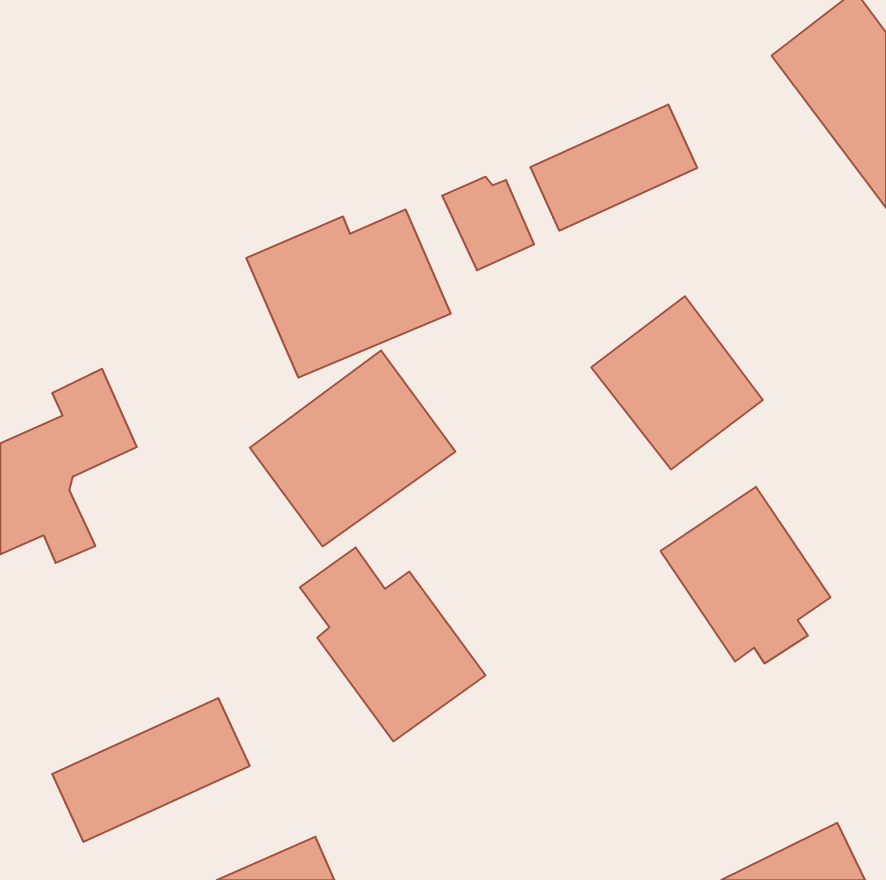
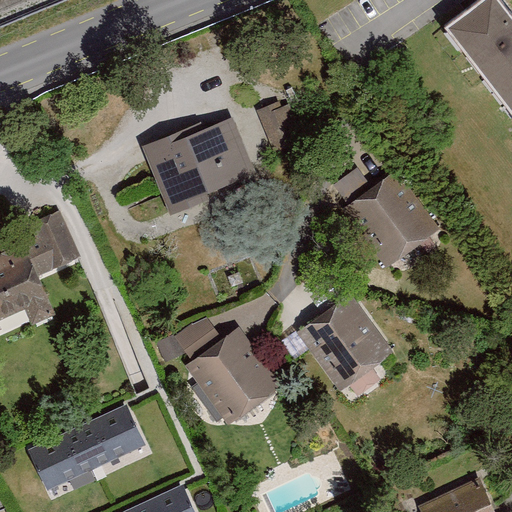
building: [531,104,697,231] -> none
building: [250,350,455,546] -> none
building: [661,487,830,663] -> [294,296,392,398]

